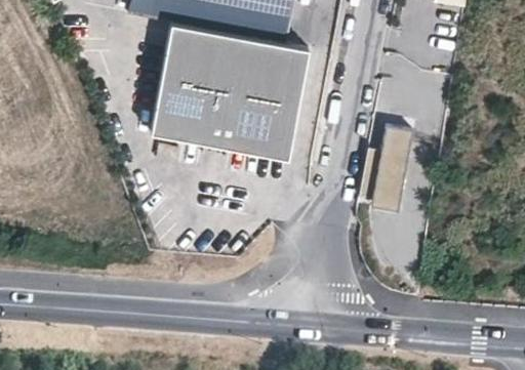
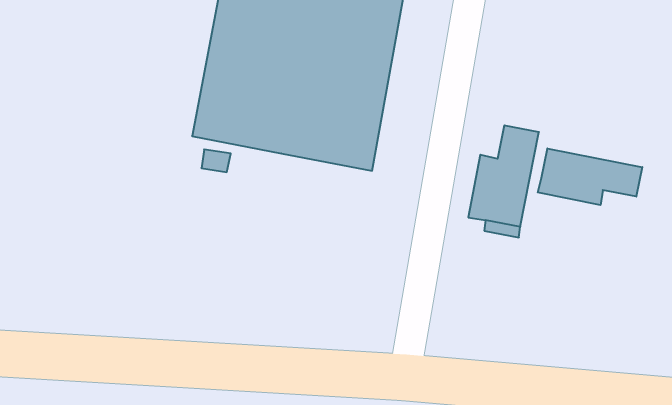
building: none -> [538,148,642,205]

